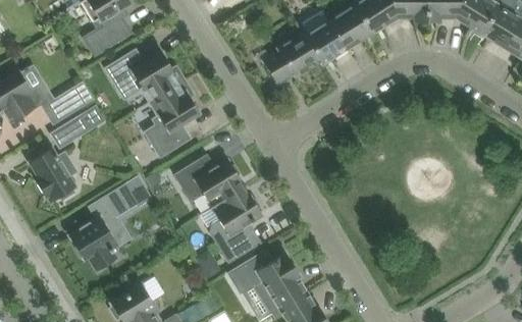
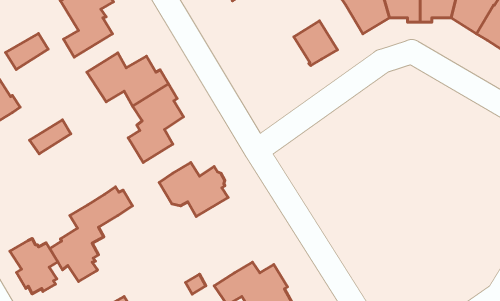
building: [329,5,371,48] -> none
building: [263,34,320,85] -> none
building: [43,89,84,123] -> [6,33,48,70]
building: [30,149,75,202] -> [10,238,58,294]
building: [210,190,261,262] -> none

